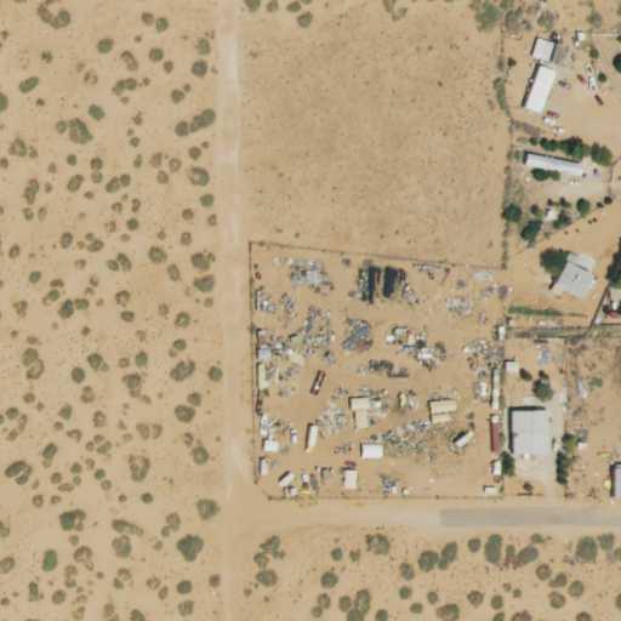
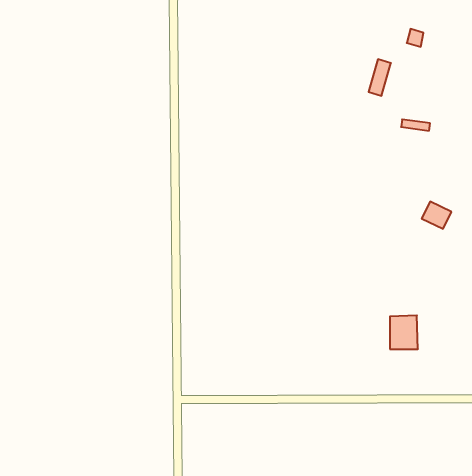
building: [526,65,556,113] -> [369,59,391,96]

